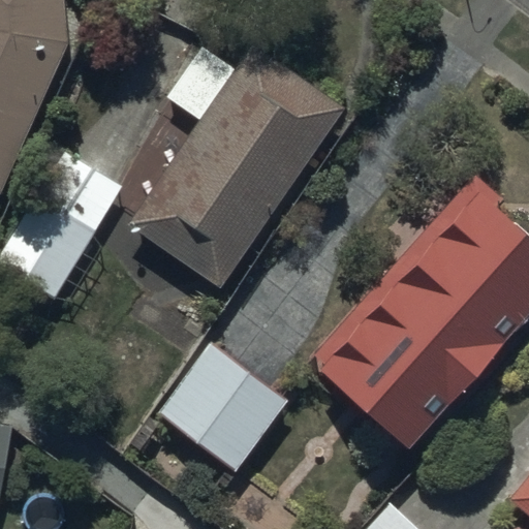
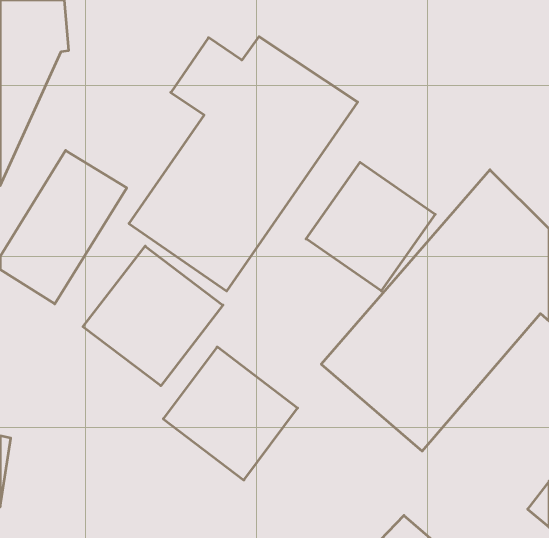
building: none -> [306,162,435,291]
building: none -> [83,246,223,386]

